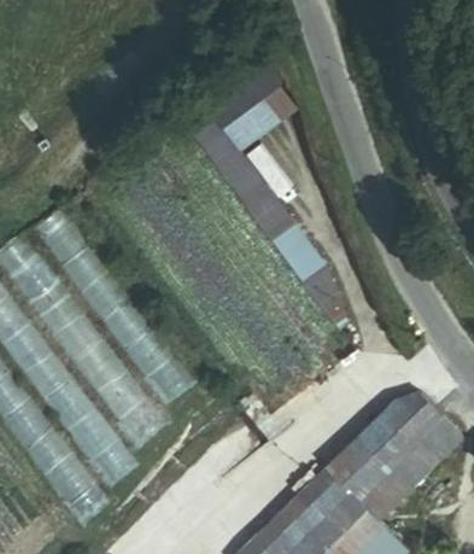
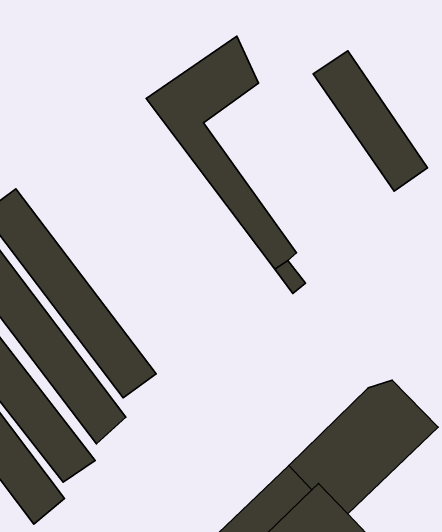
building: none -> [313,51,428,191]

